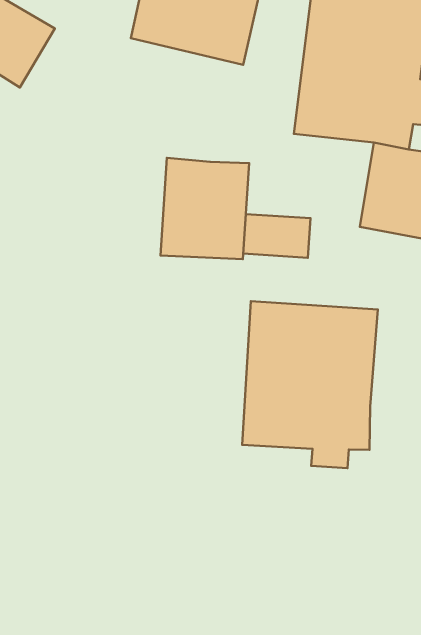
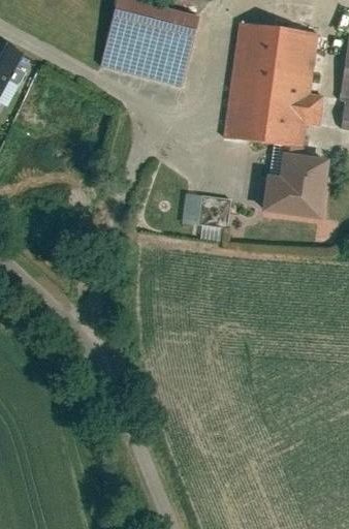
building: [160,158,249,259] -> none
building: [242,301,378,468] -> none

